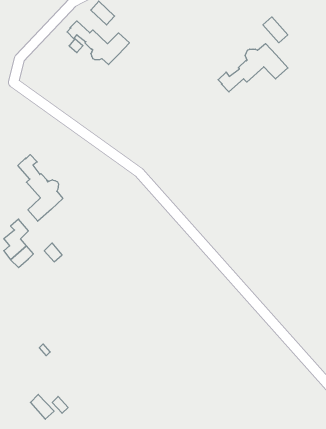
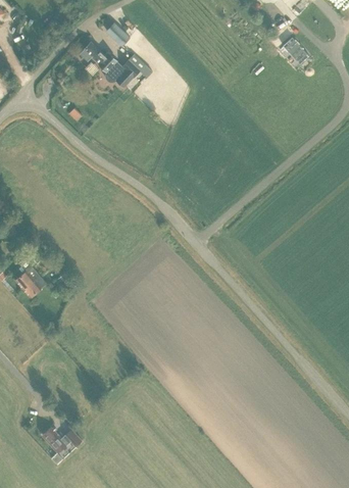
building: [218,44,288,92] -> none
building: [18,155,63,221] -> none

